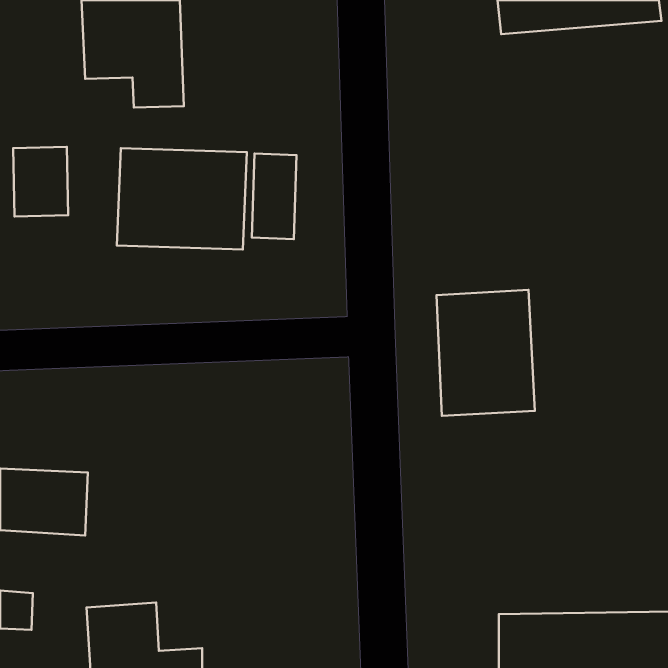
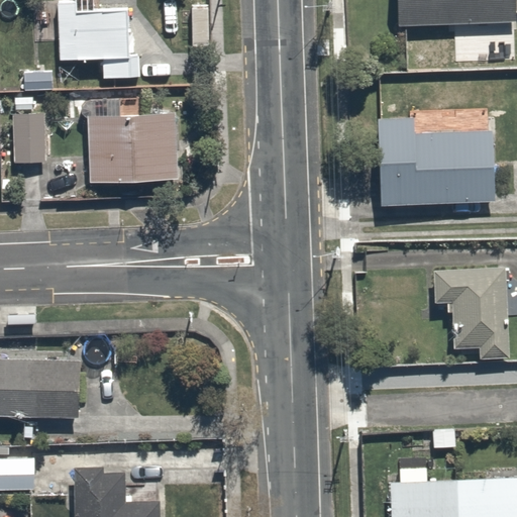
building: none -> [361,108,499,201]
building: [252,154,296,239] -> none
building: [437,290,535,416] -> [431,262,507,358]

